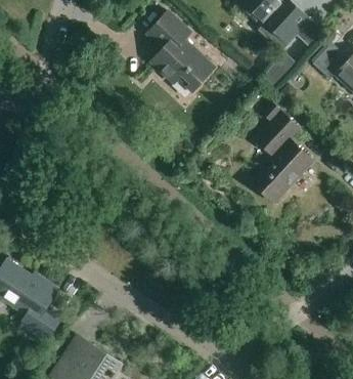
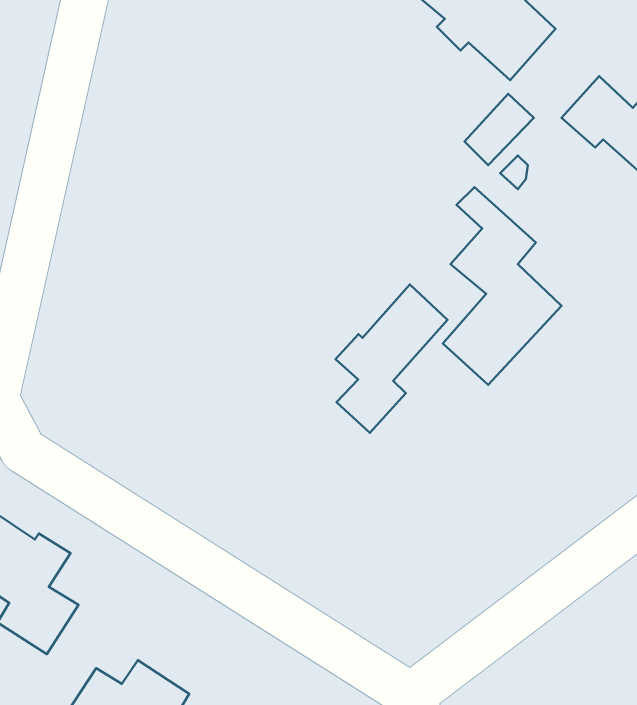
building: [146,11,215,91] -> none
building: none -> [335,284,448,433]

